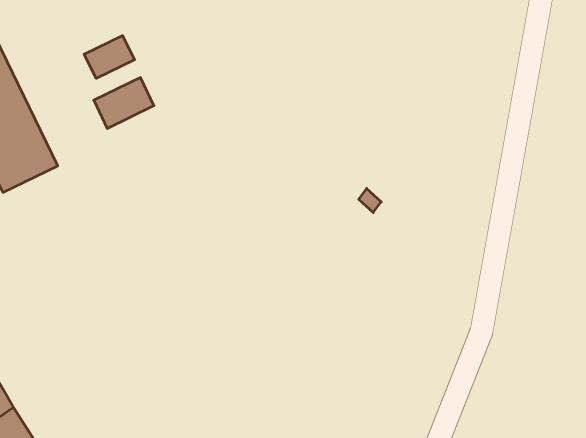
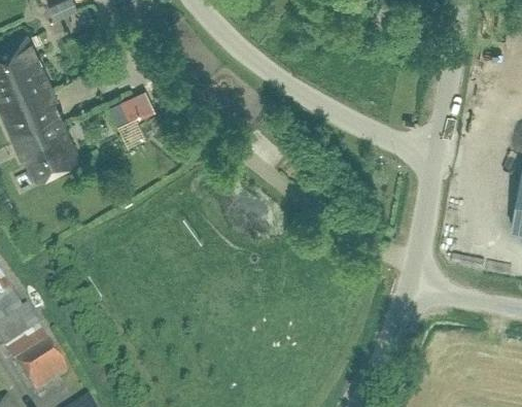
building: [84,36,135,78] -> none

